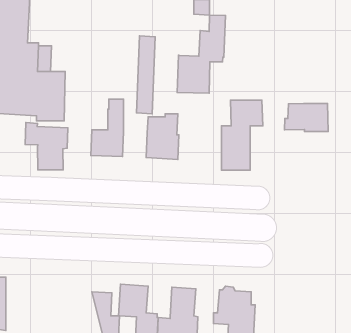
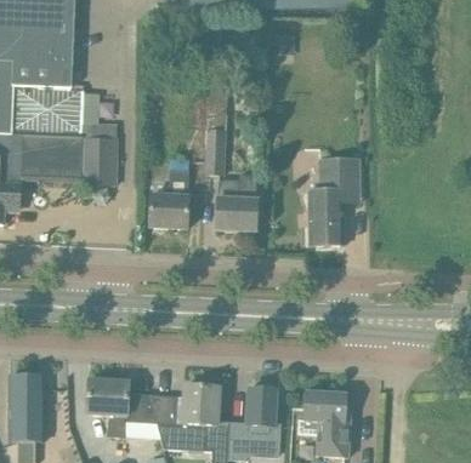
building: [177,15,226,93] -> none
building: [284,104,328,131] -> none
building: [25,123,68,170] -> none
building: none -> [86,379,155,436]

